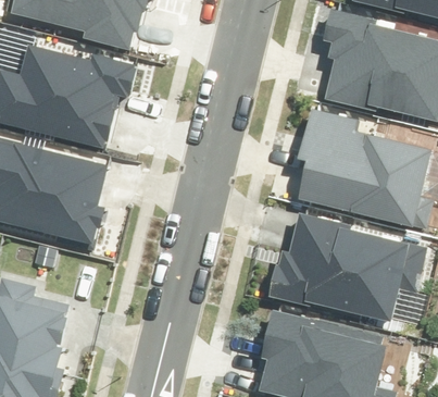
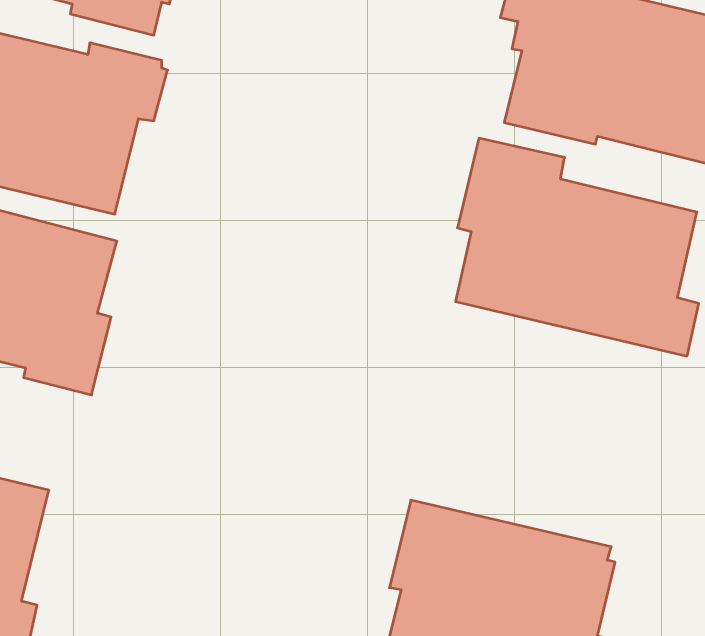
building: [267,212,427,322] -> none

